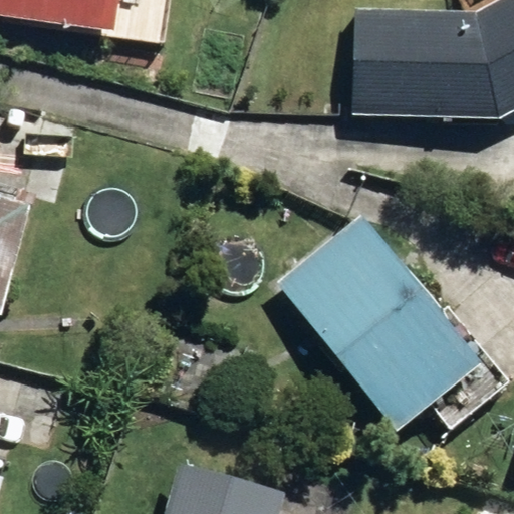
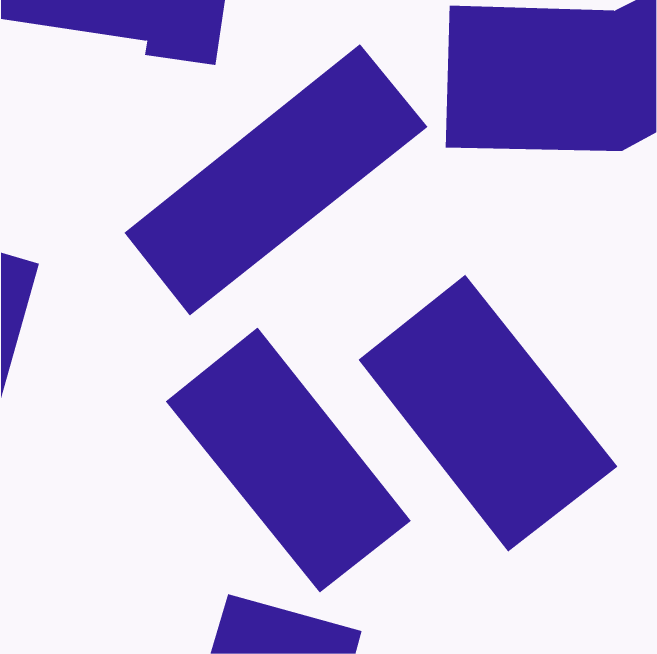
building: none -> [124,43,429,317]
building: none -> [165,326,412,594]

